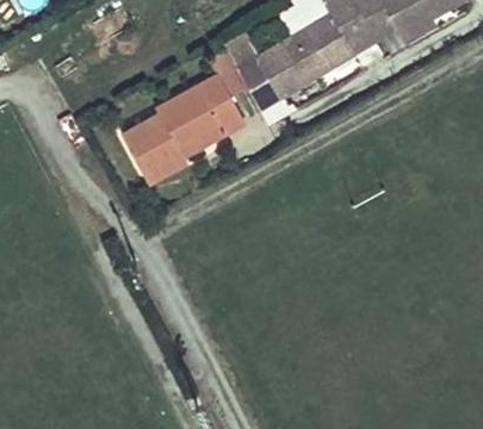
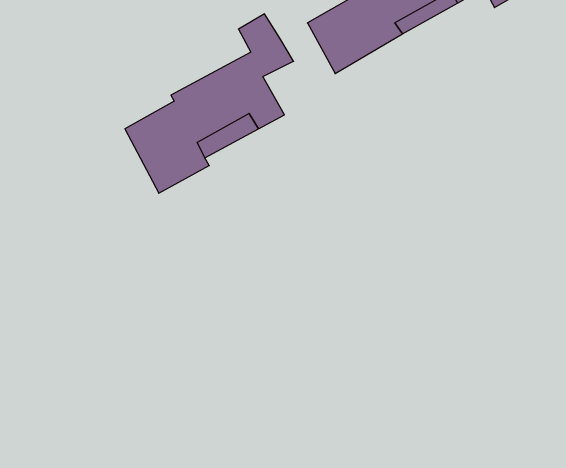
building: [242,52,285,104] -> none

